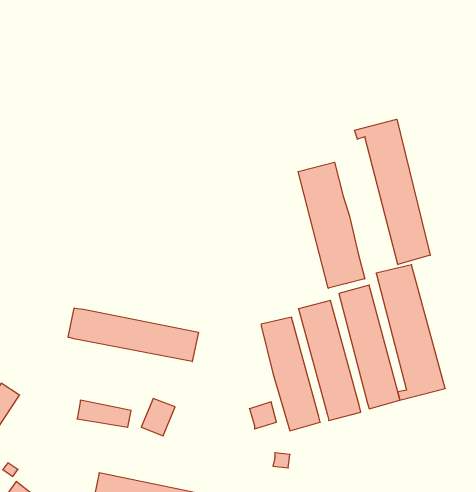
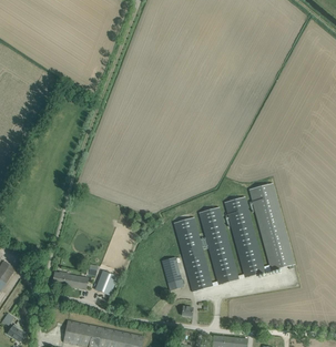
building: [355,119,430,265] -> none
building: [298,162,365,288] -> none
building: [68,308,198,362] -> none

